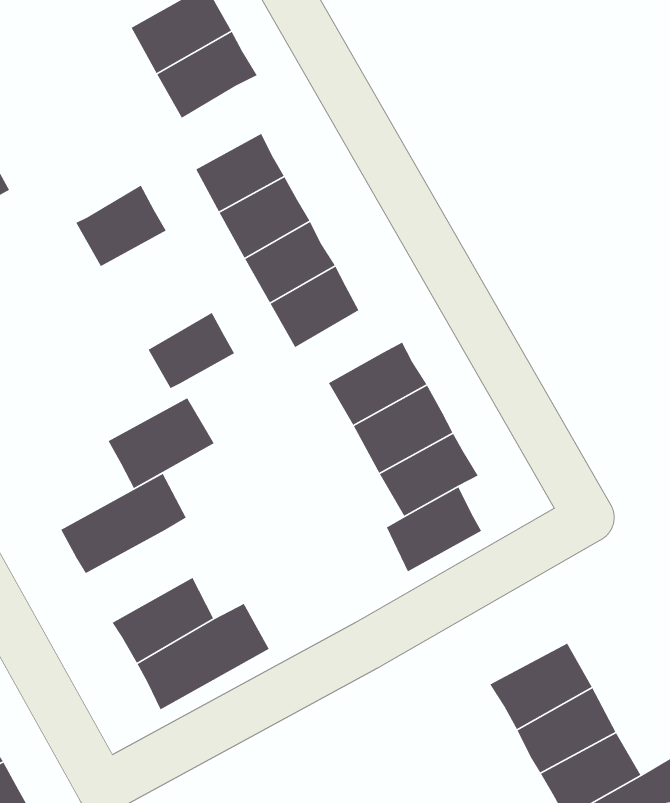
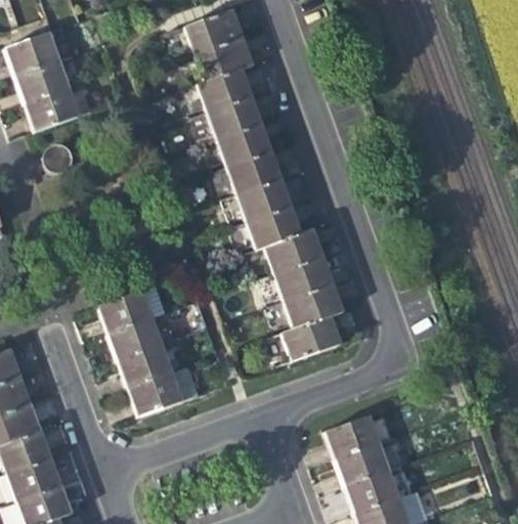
building: [75,184,167,267] -> [198,71,249,114]
building: [148,312,235,389] -> [248,209,297,249]
building: [108,397,215,489] -> [109,315,169,362]

